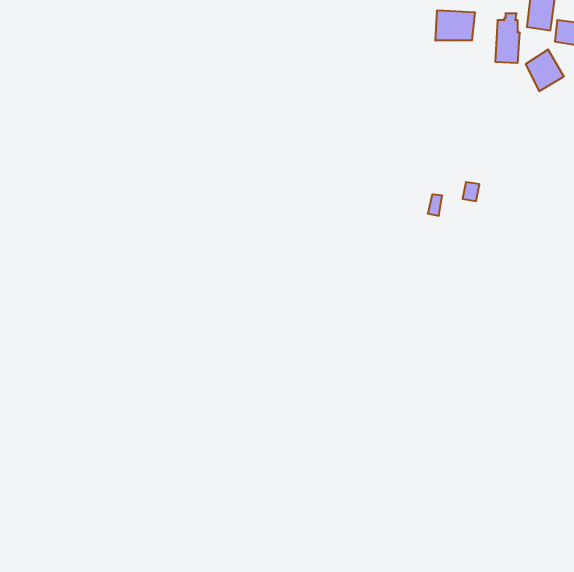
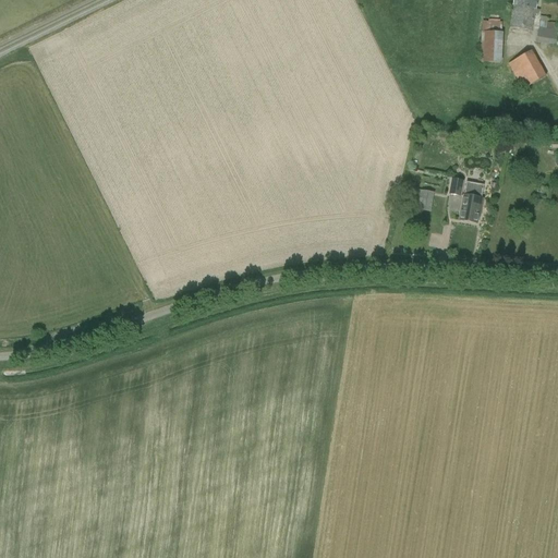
building: [435,10,475,41] -> none
building: none -> [461,180,485,221]

